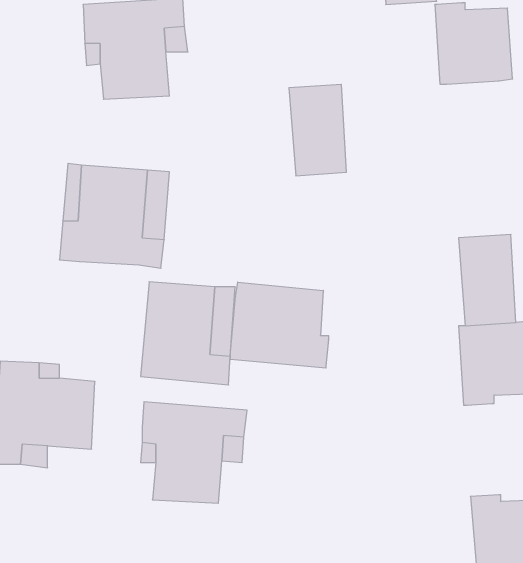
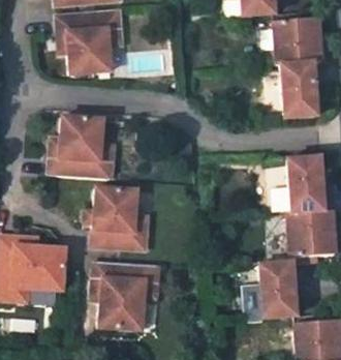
building: [289,84,346,176] -> [280,63,315,119]
building: [230,282,329,368] -> none
building: none -> [261,262,296,317]

